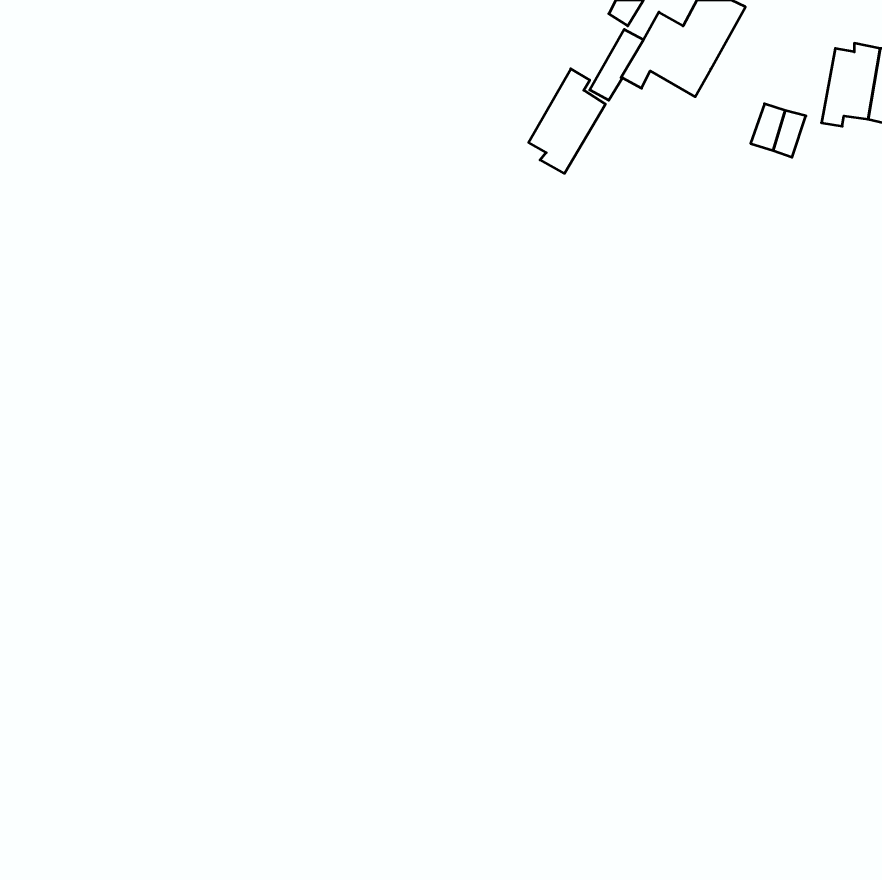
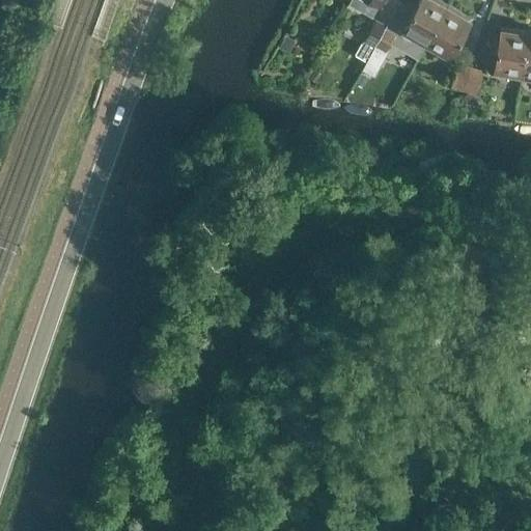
building: none -> [427,6,470,63]
building: [529,69,605,173] -> none

